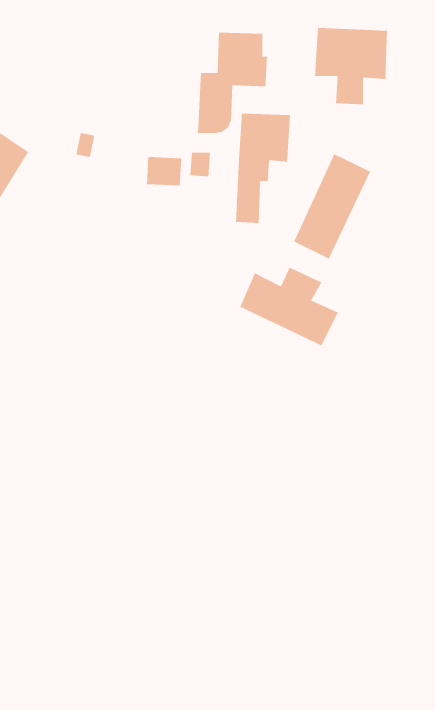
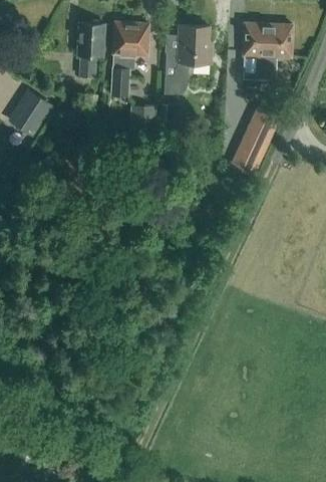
building: none -> [77,21,104,75]
building: [235,113,291,224] -> [111,21,148,95]
building: [239,266,339,346] -> none

